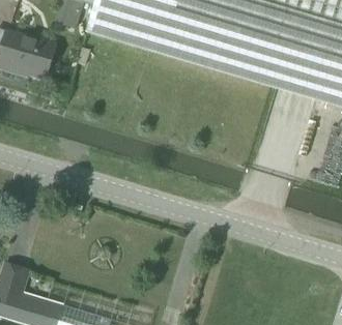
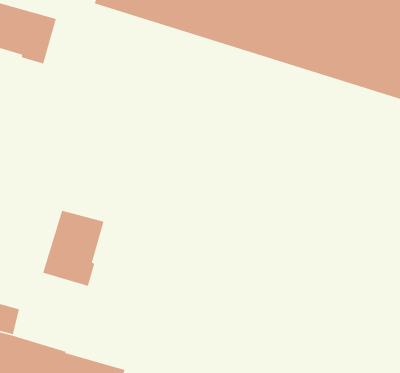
building: none -> [42,210,104,287]

